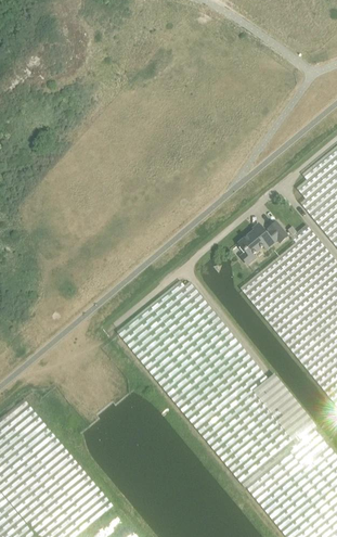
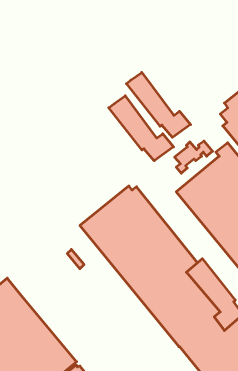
building: none -> [126,72,191,137]
building: none -> [109,96,174,161]

